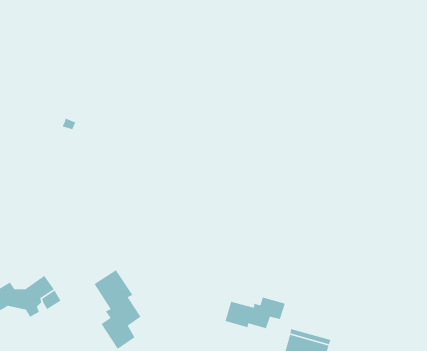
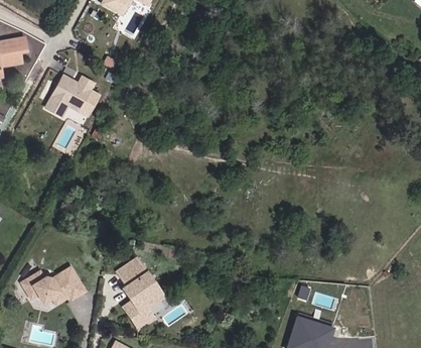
building: none -> [44,72,92,126]
building: [225,296,286,329] -> none

